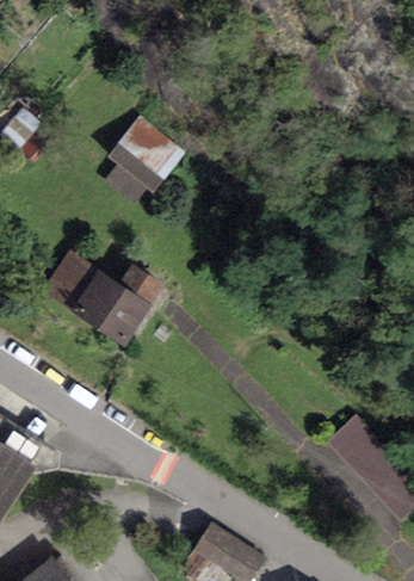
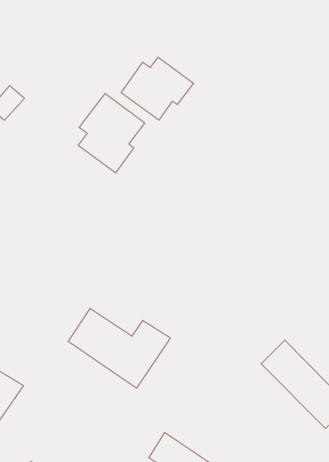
building: none -> [121,57,193,120]
building: [42,251,165,346] -> [68,308,170,388]

